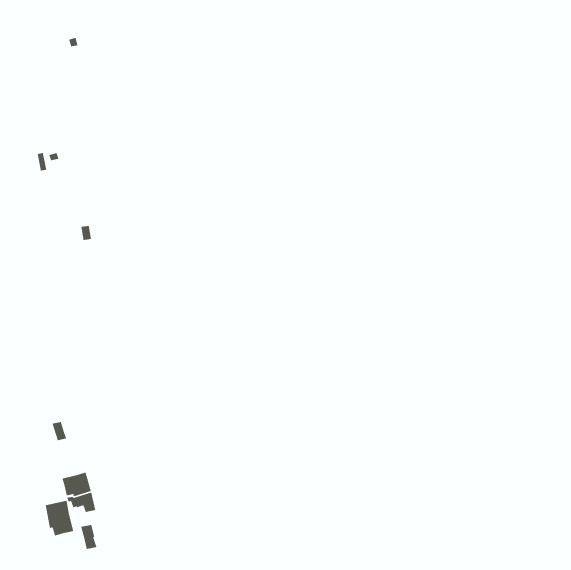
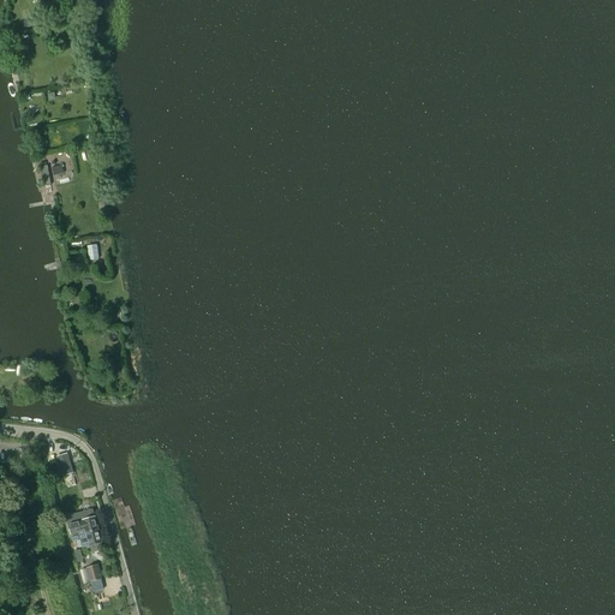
building: [45,500,74,536] -> none

